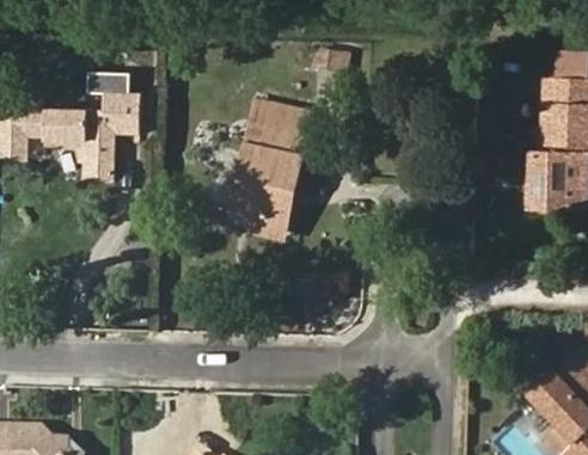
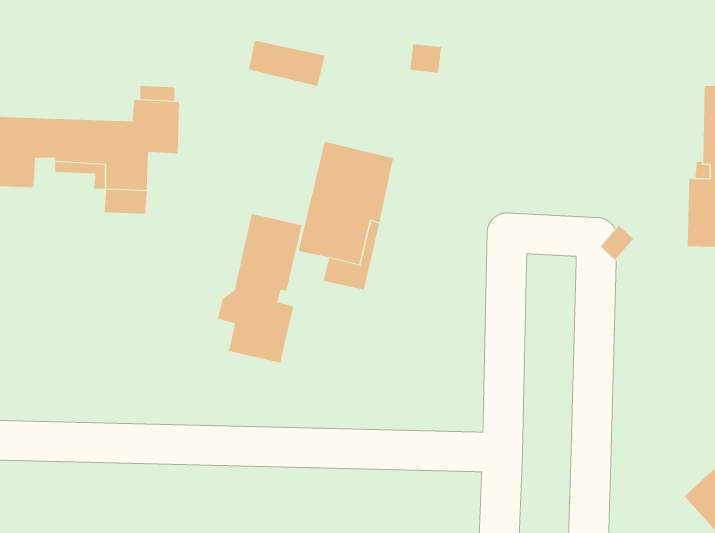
building: [251,100,311,136] -> [248,40,326,86]
building: none -> [217,213,302,364]

